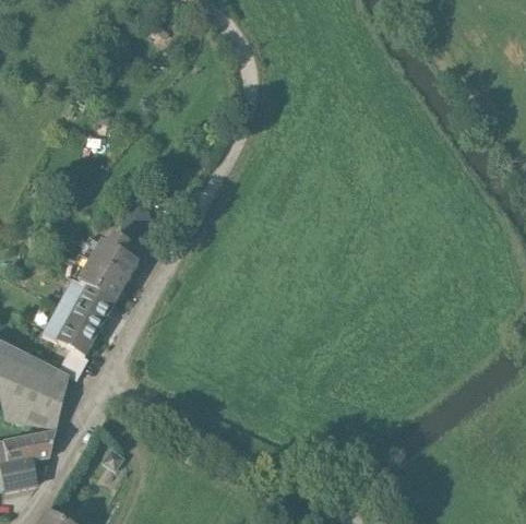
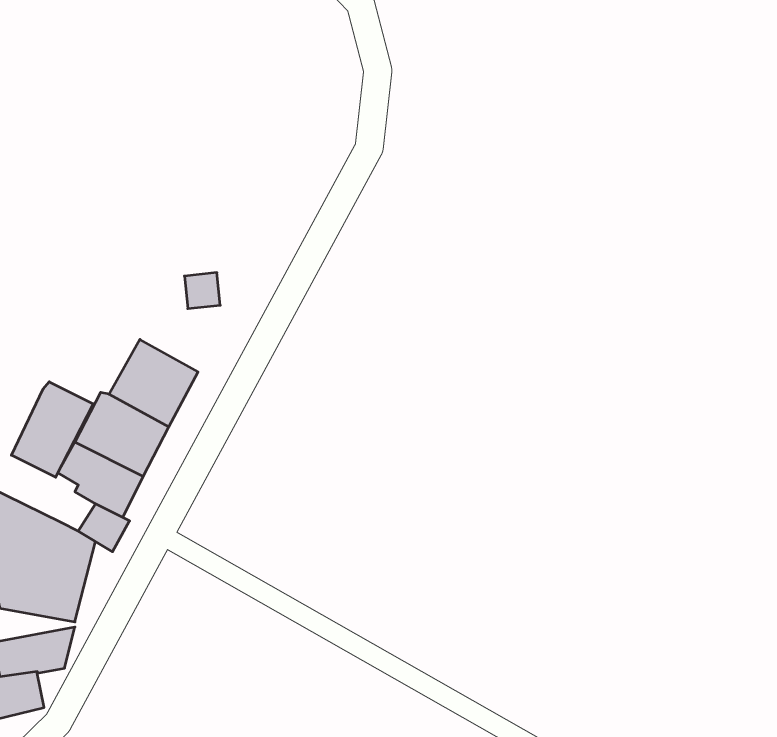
building: [96,226,144,267] -> none
building: none -> [11,382,93,477]

